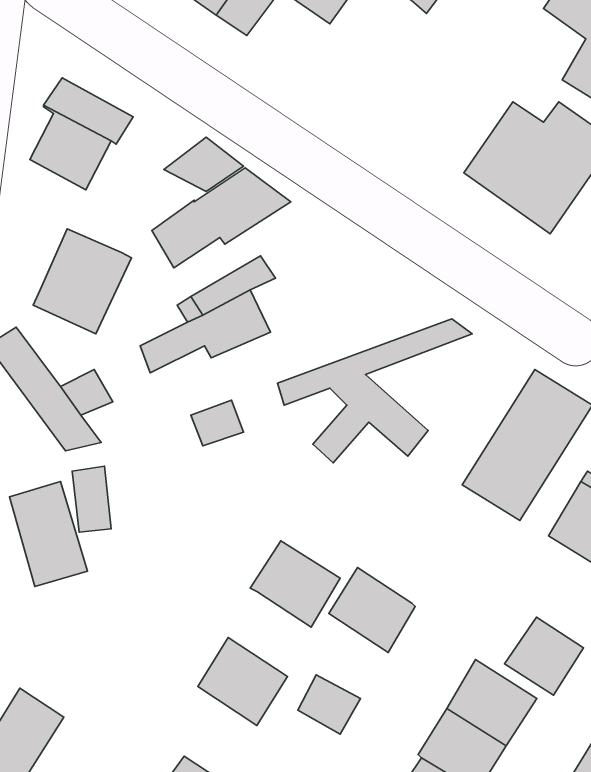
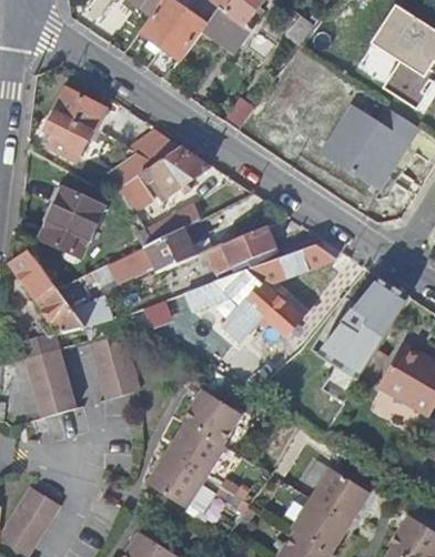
building: none -> [199,229,275,274]
building: none -> [89,334,138,402]
building: [329,568,415,652] -> [168,424,224,479]
building: [504,617,584,695] -> none

